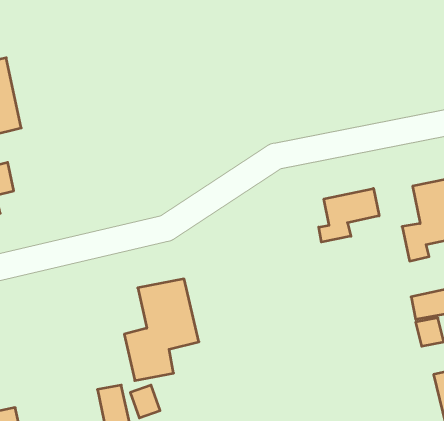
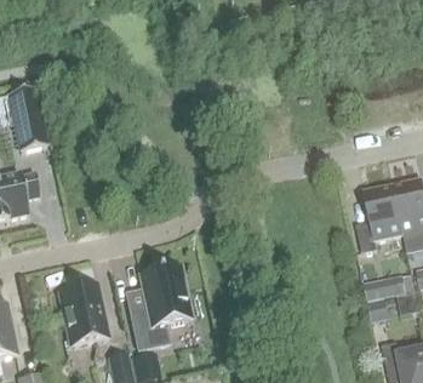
building: [319,188,379,242] -> none
building: none -> [58,284,108,345]

